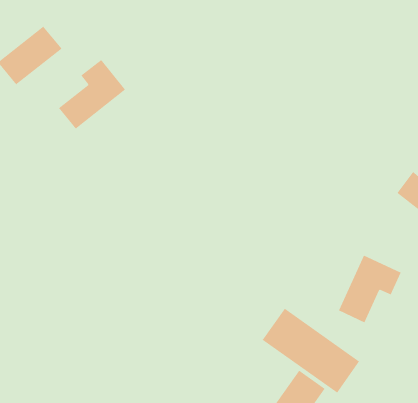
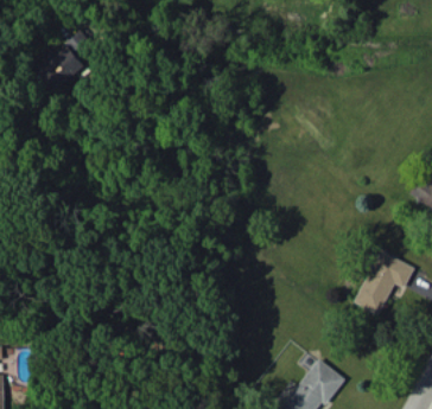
building: [58,59,126,129] -> none
building: [262,308,360,393] -> none

